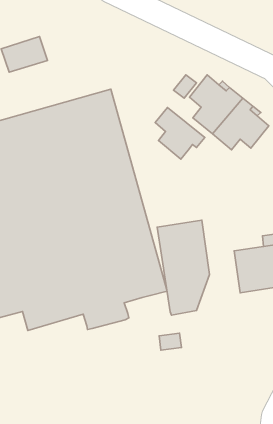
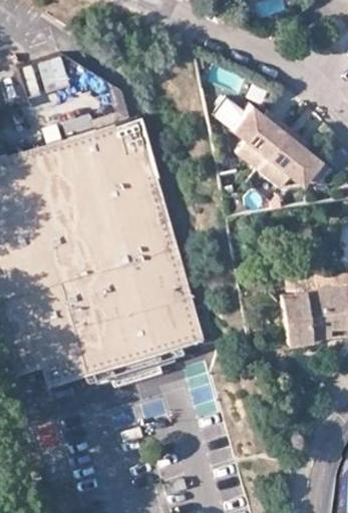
building: [155,107,205,159] -> none
building: [157,220,210,315] -> none

